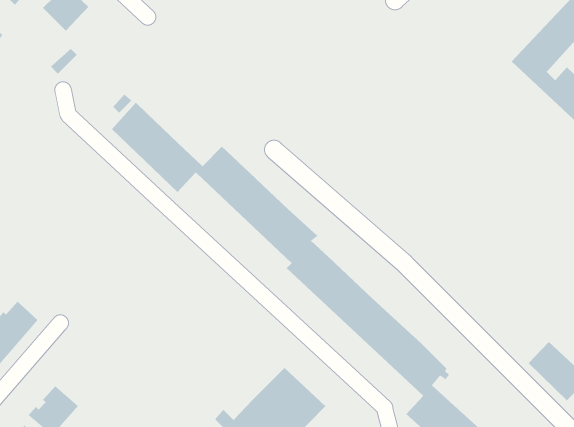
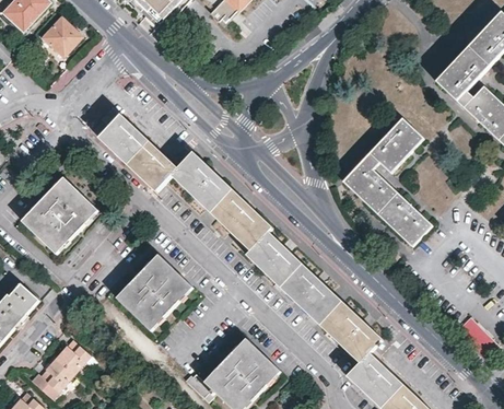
building: none -> [342,117,432,246]
building: none -> [22,176,97,253]
building: none -> [115,254,191,330]
building: none -> [52,337,89,371]

